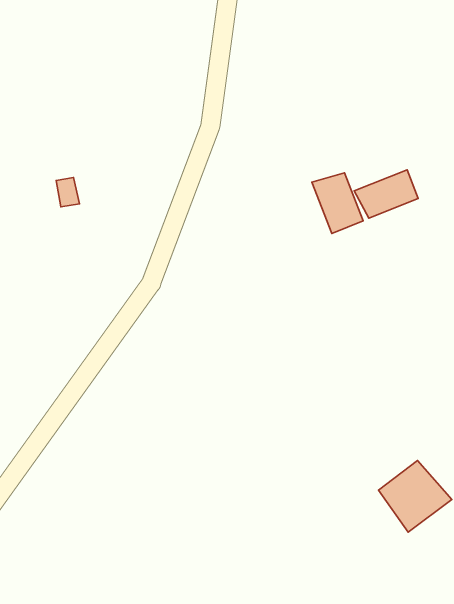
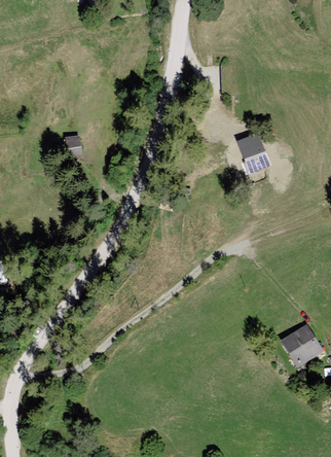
building: [354,170,418,218] -> none

